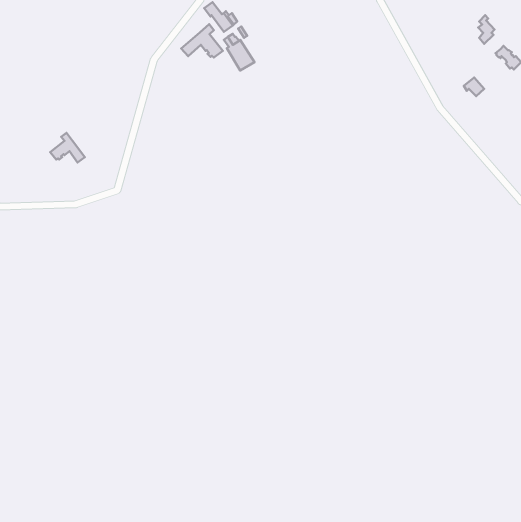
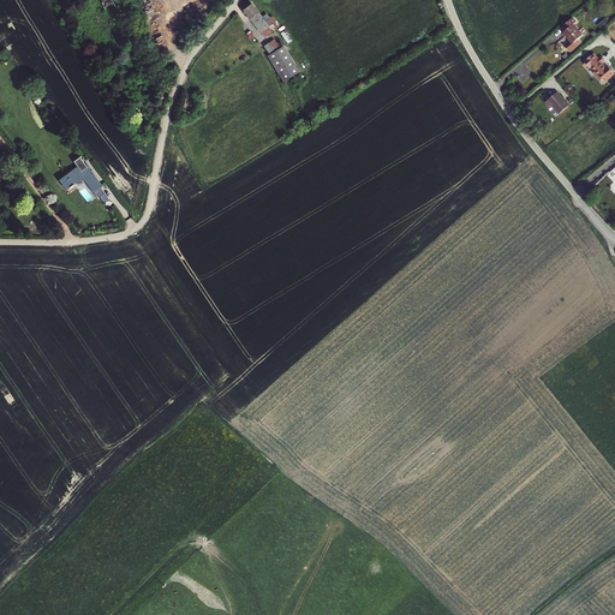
building: [181,24,223,58] -> none

